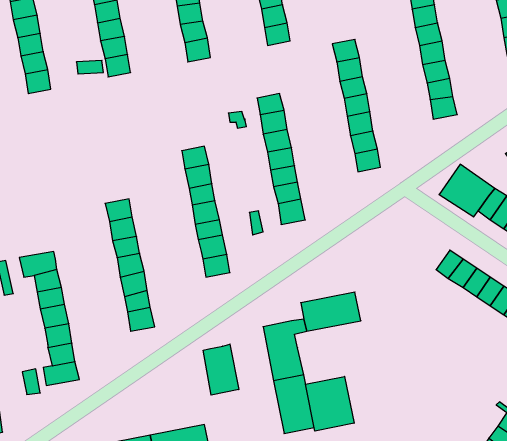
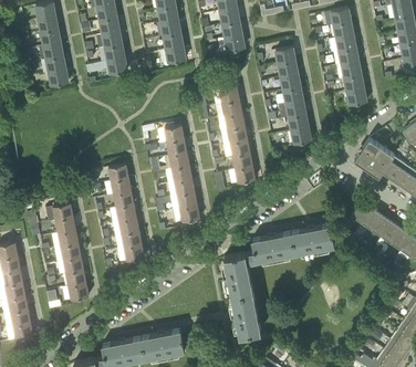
building: none -> [291,226,334,254]
building: [203,344,239,395] -> none
building: [306,376,354,431] -> none

